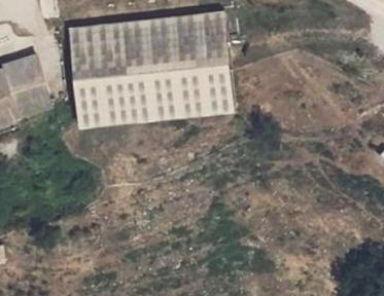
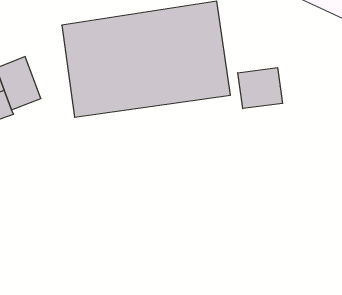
building: none -> [238,68,283,109]

